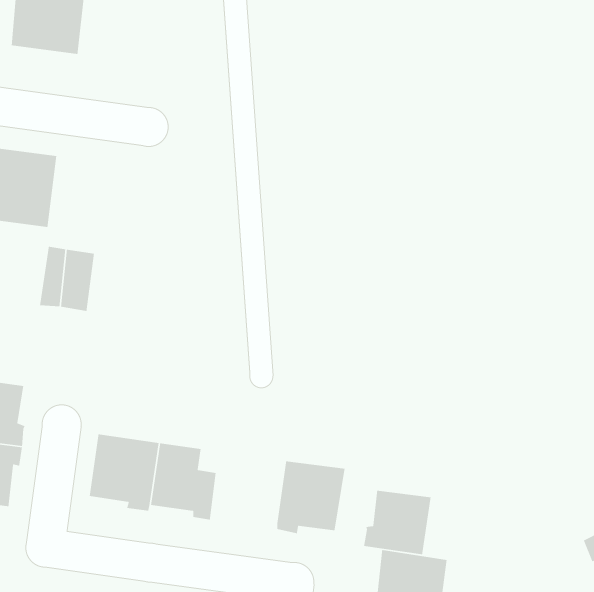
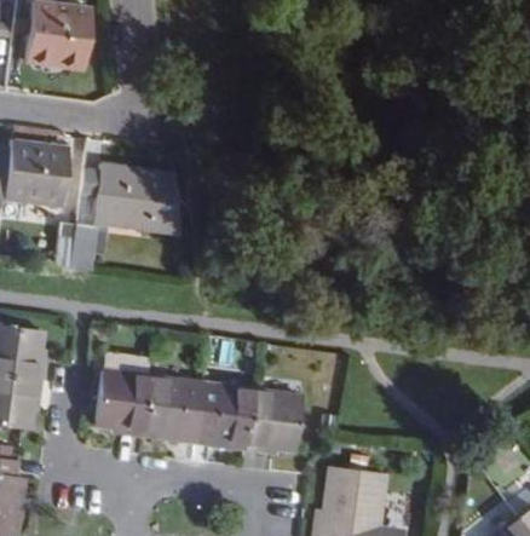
building: none -> [94,165,182,232]
building: none -> [191,387,252,443]
building: [363,490,432,555] -> none

